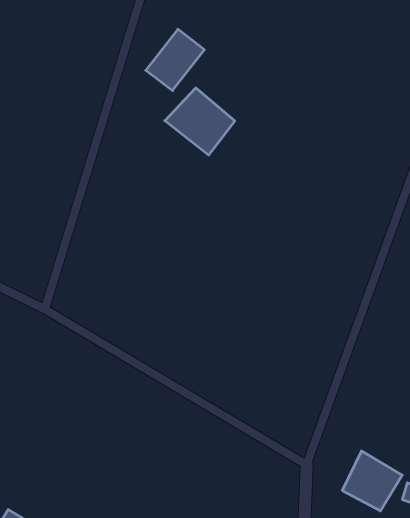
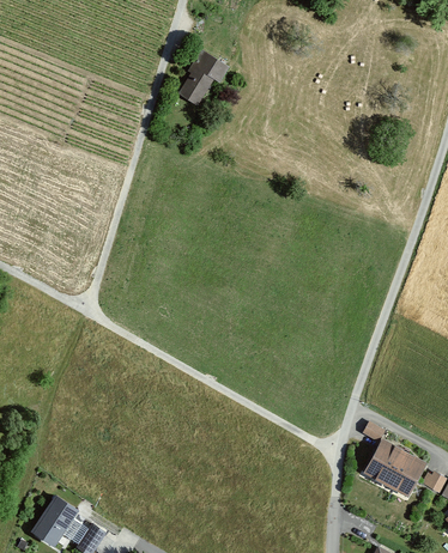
building: [165,88,235,155] -> none

